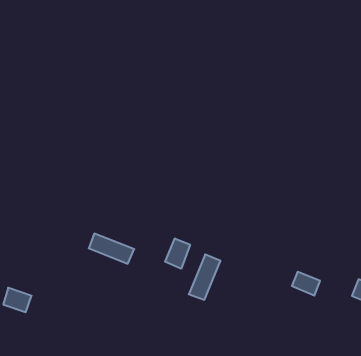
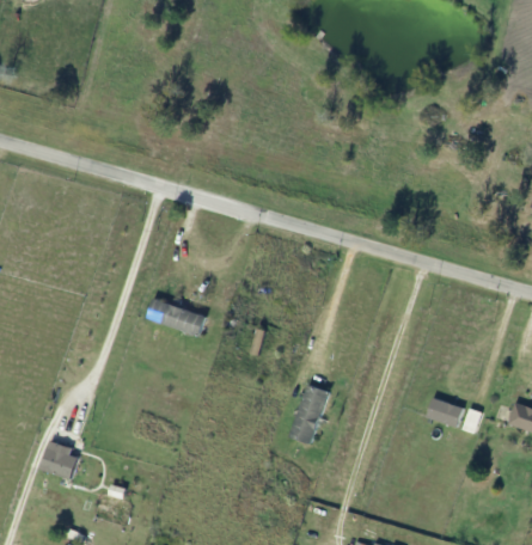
building: [89,234,134,264] -> [146,298,207,335]
building: [165,238,190,269] -> none

